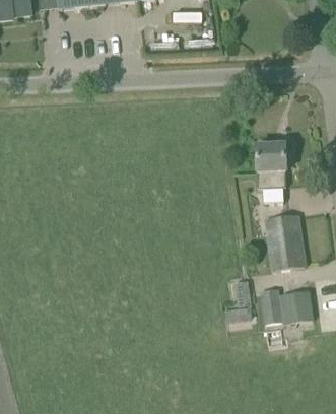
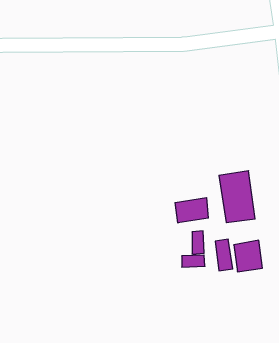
building: [255,143,285,188] -> none
building: none -> [175,198,208,223]

